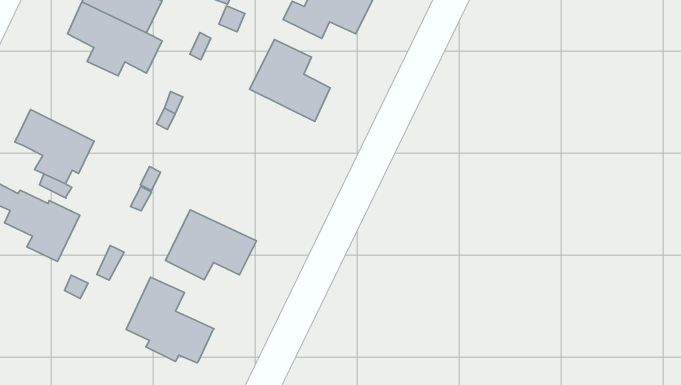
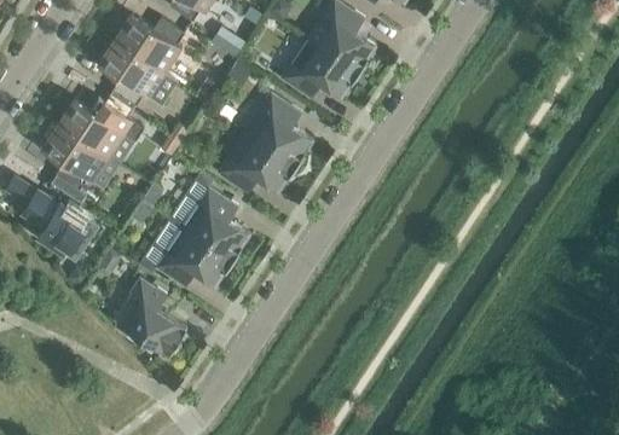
building: none -> [58,98,143,157]
building: none -> [218,132,295,192]
building: none -> [180,186,249,260]

